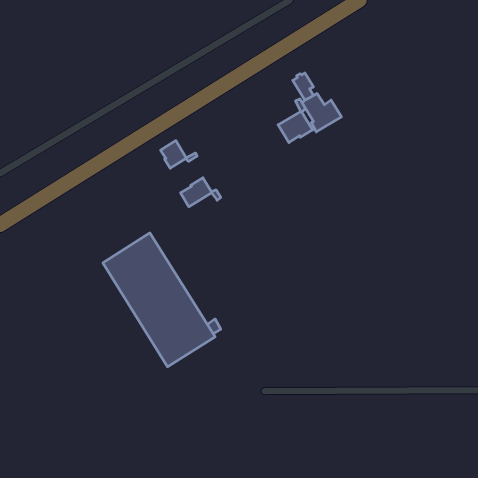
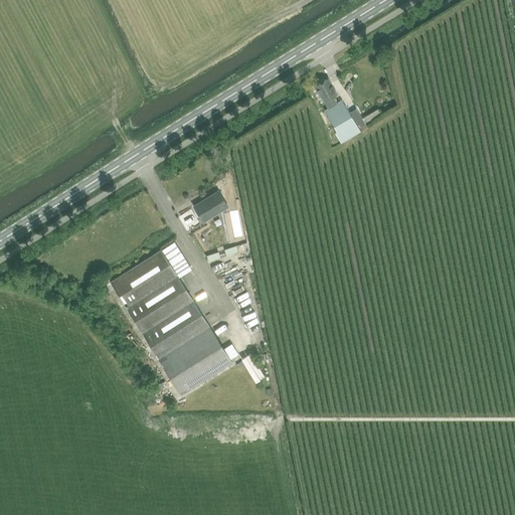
building: [278,99,313,143] -> none
building: [161,141,197,168] -> none

